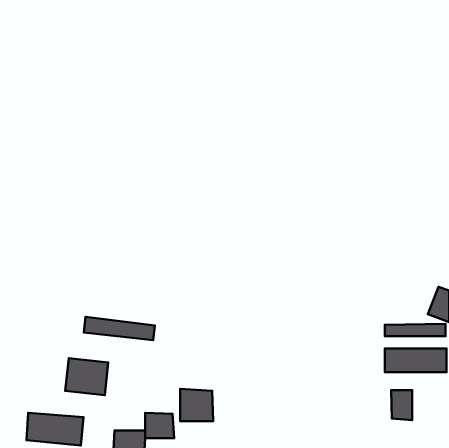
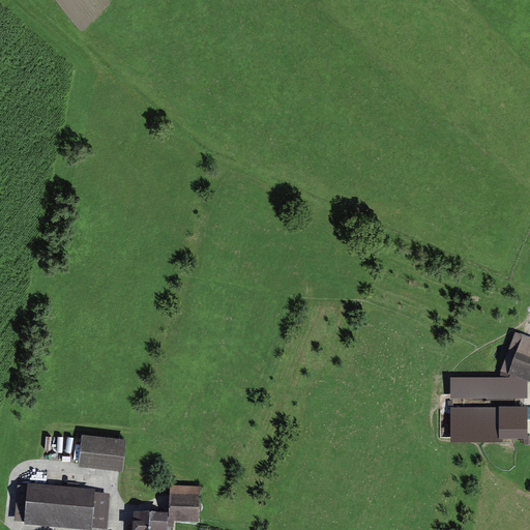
building: [84,317,155,340] -> none
building: [180,389,213,421] -> none
building: [391,390,412,420] -> none

